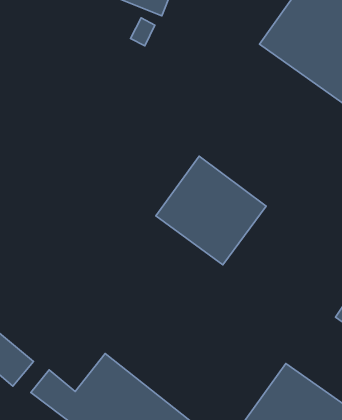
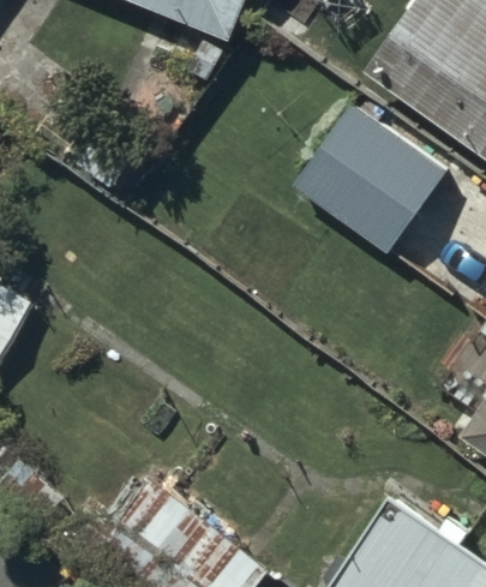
building: [156,156,266,265] -> [298,107,444,251]

